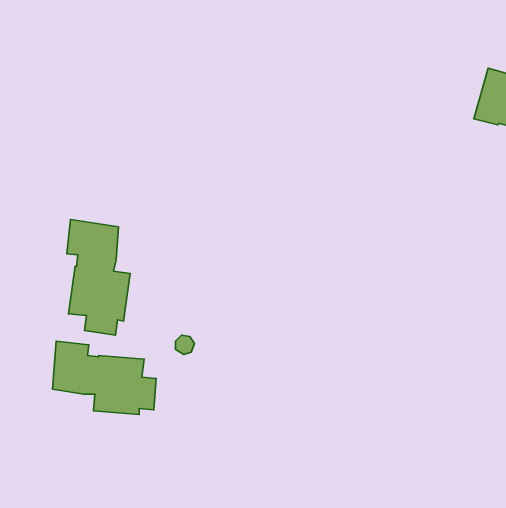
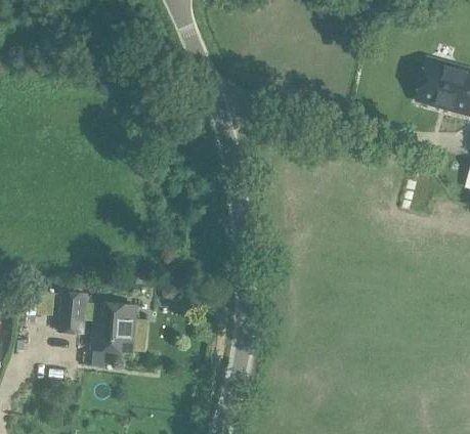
building: [67,220,130,335] -> none

